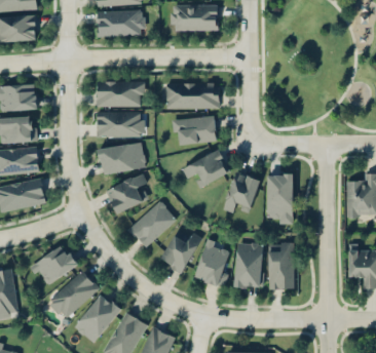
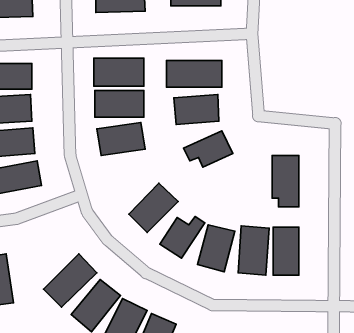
building: [224,172,260,212] -> none
building: [106,173,150,213] -> none
building: [31,244,77,286] -> none

